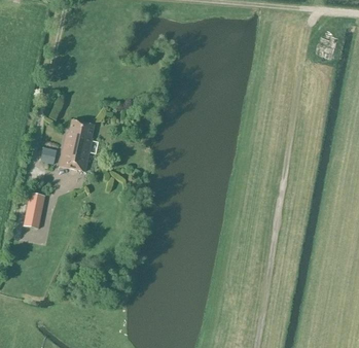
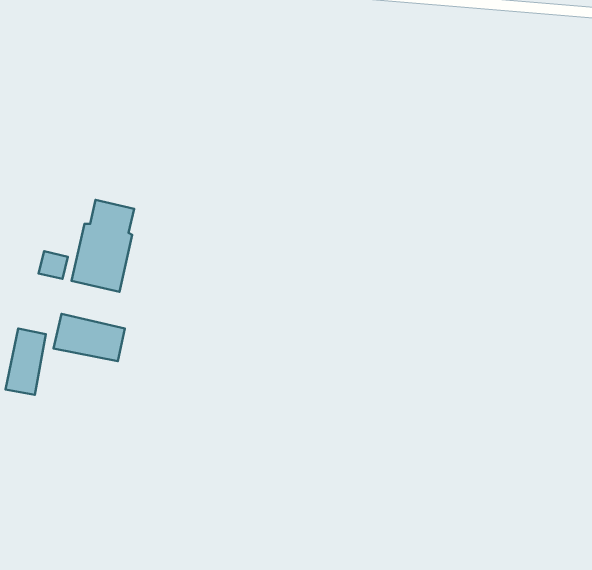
building: none -> [54,314,125,361]

